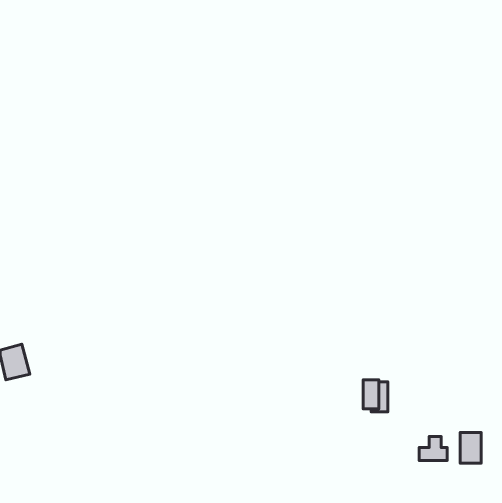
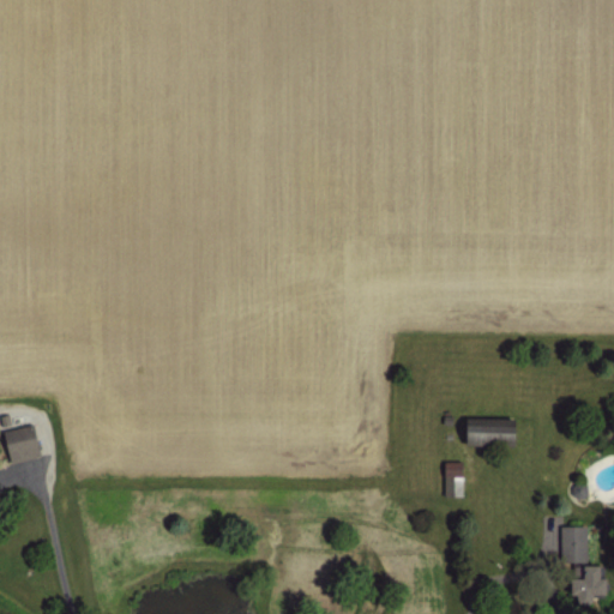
building: none -> [465,415,512,446]
building: [419,437,447,460] -> [568,568,602,597]

